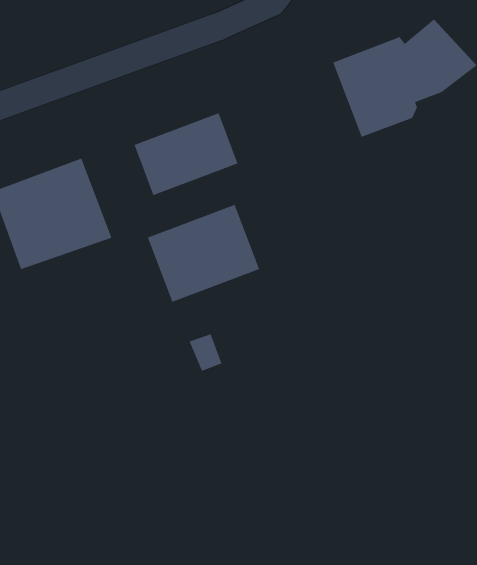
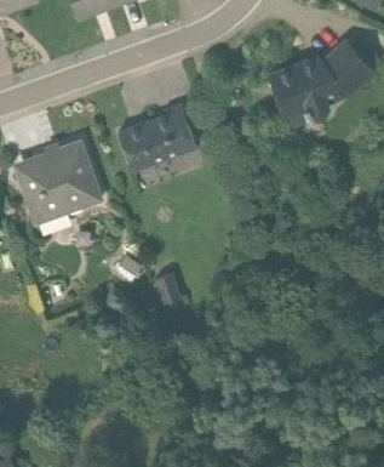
building: [147,204,260,303] -> none

